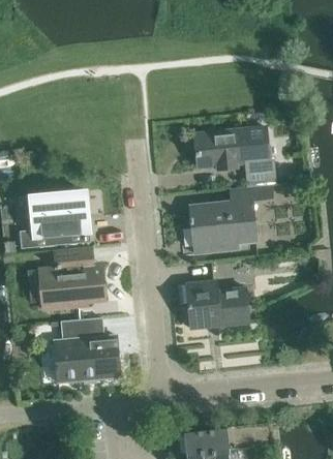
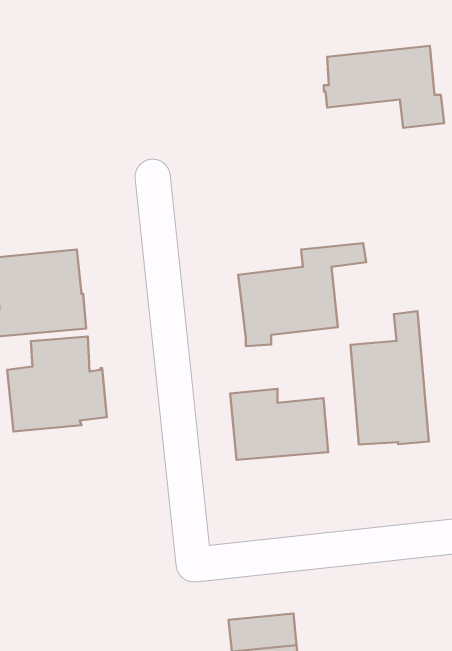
building: [195,127,274,181] -> [324,46,444,128]
building: none -> [351,311,429,445]
building: [53,317,119,381] -> none

